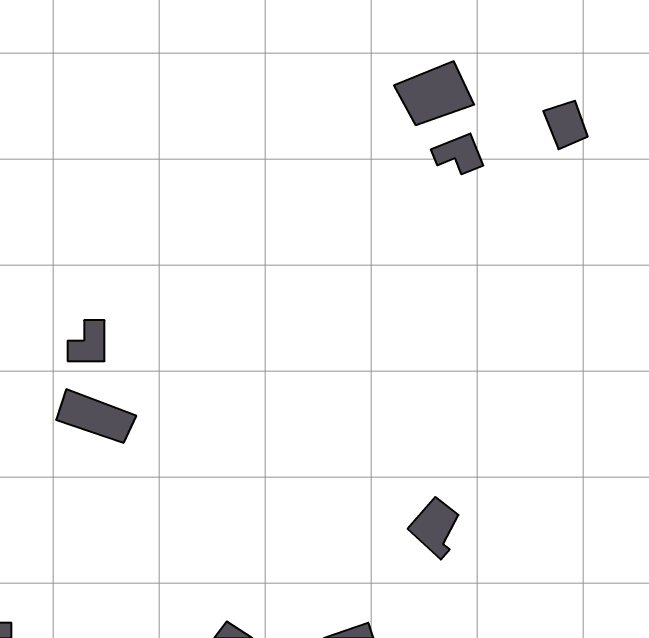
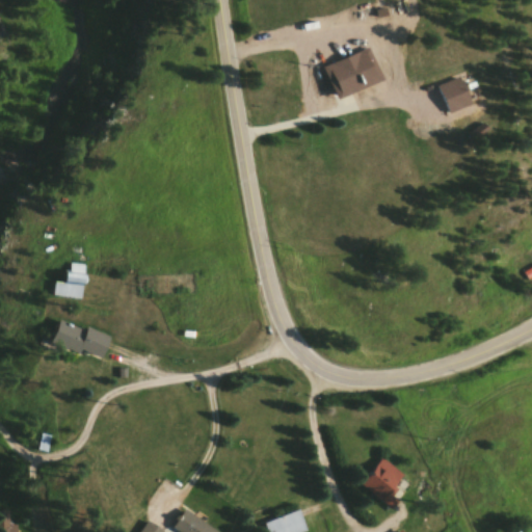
building: [431,133,483,174] -> none
building: [408,497,459,560] -> [362,456,403,507]

